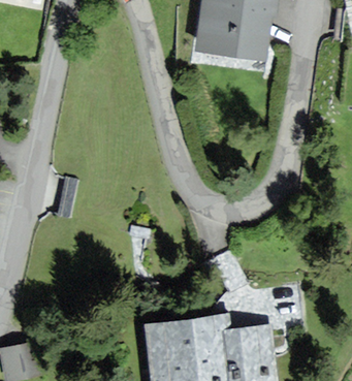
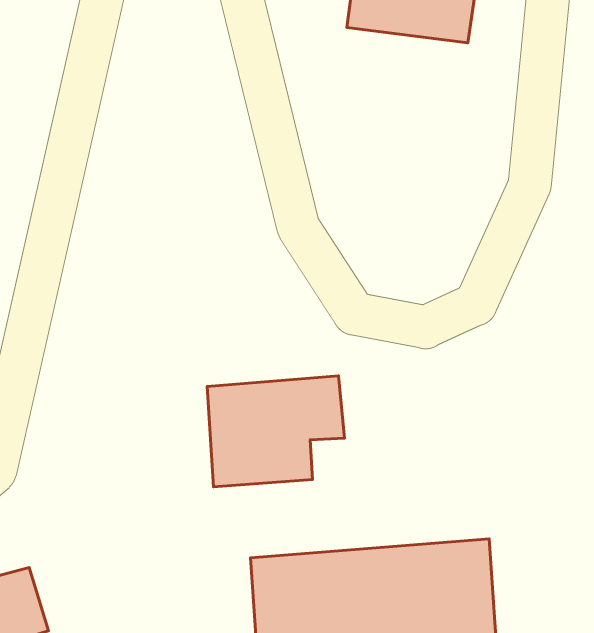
building: none -> [207,376,345,487]

